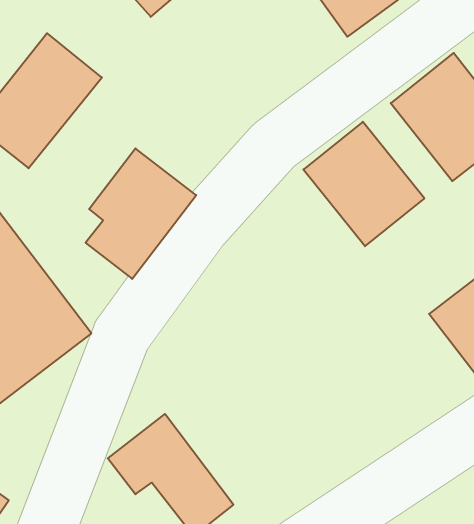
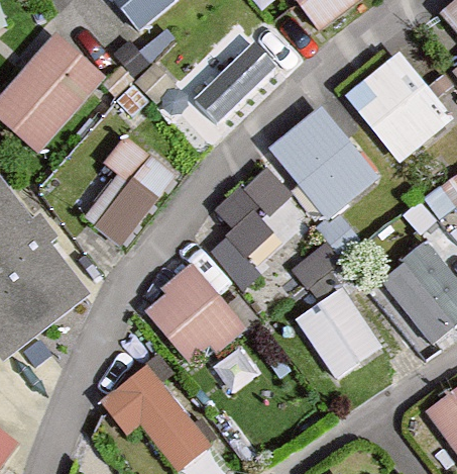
building: none -> [179,22,276,121]
building: none -> [209,168,293,289]
building: none -> [144,267,244,367]
building: none -> [295,287,383,379]

